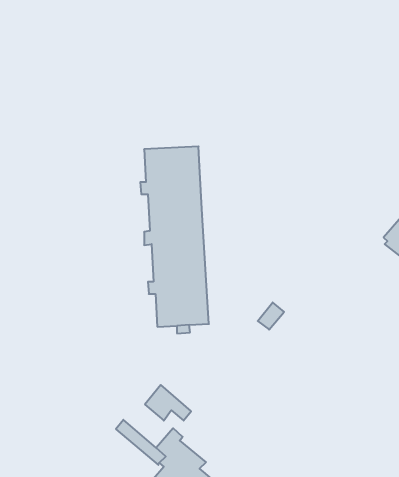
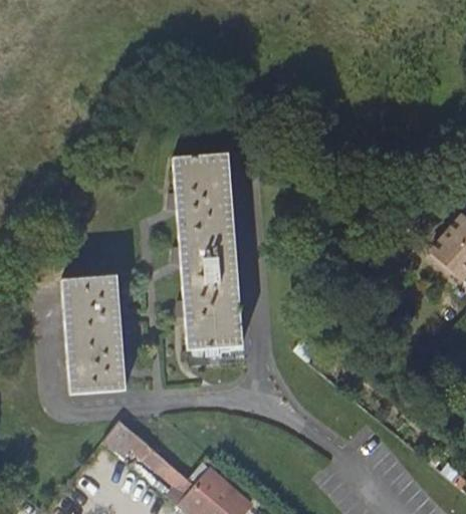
building: none -> [60,276,133,391]
building: [145,385,191,421] -> [101,421,151,459]

